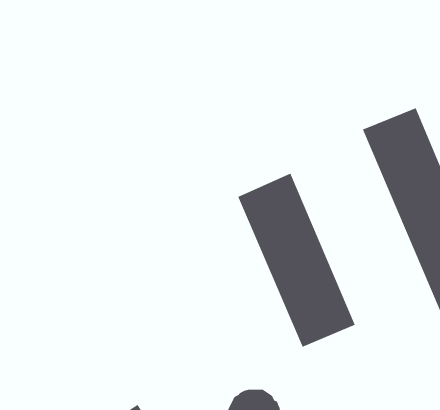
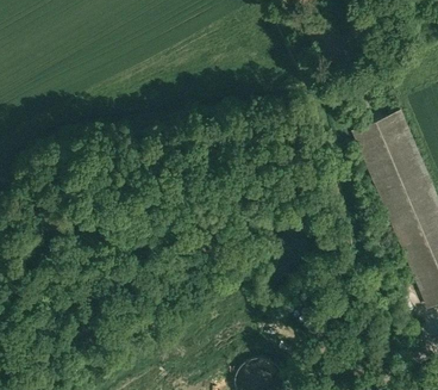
building: [237,173,356,348] -> none

